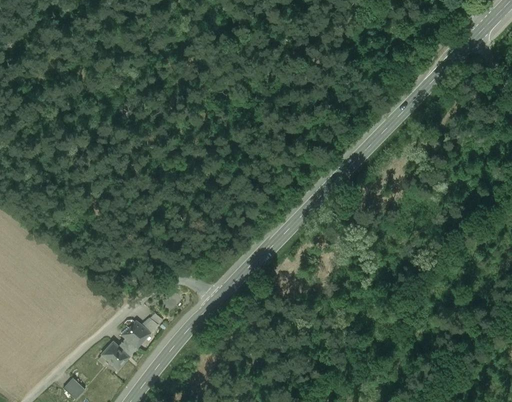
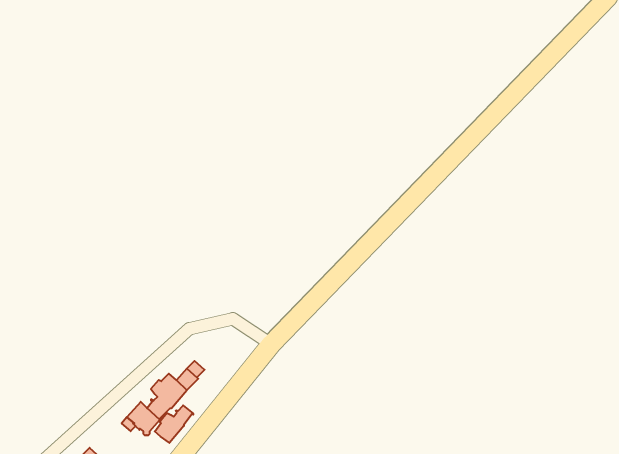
building: none -> [155,405,193,443]

